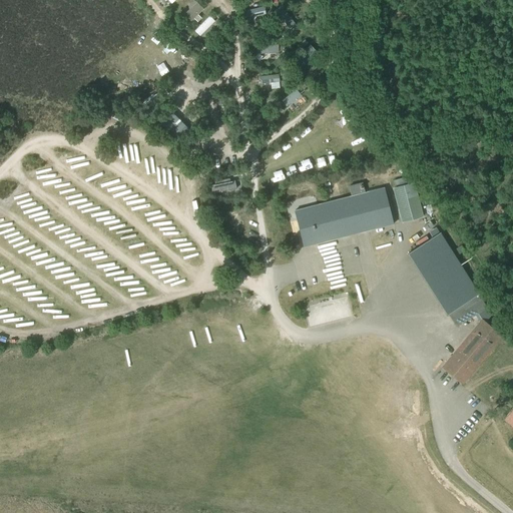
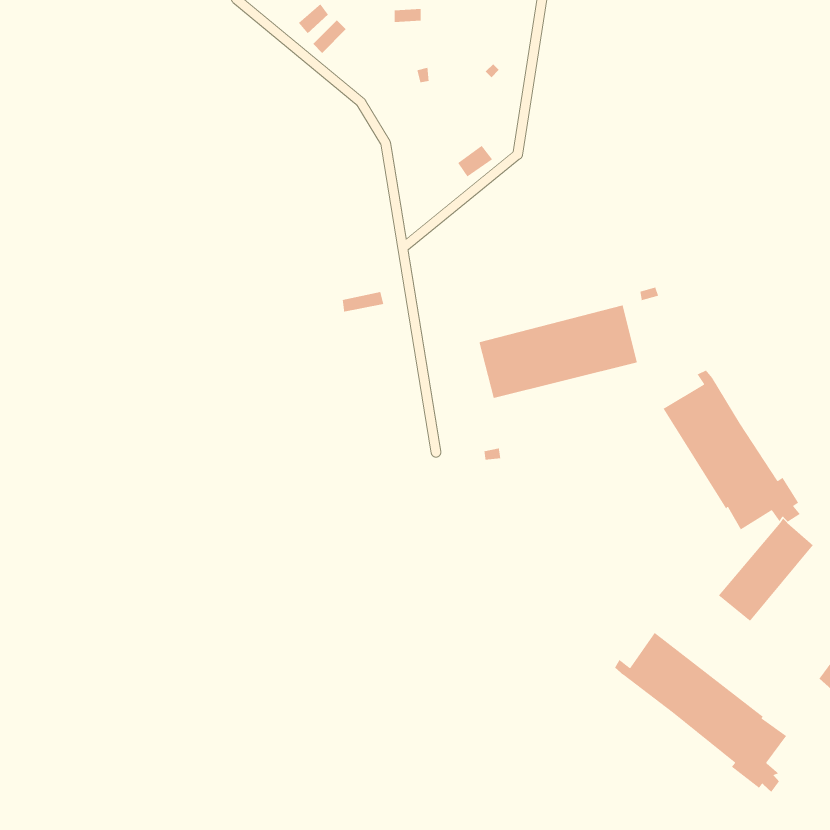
building: [395,182,423,221] -> none
building: none -> [614,632,787,793]

